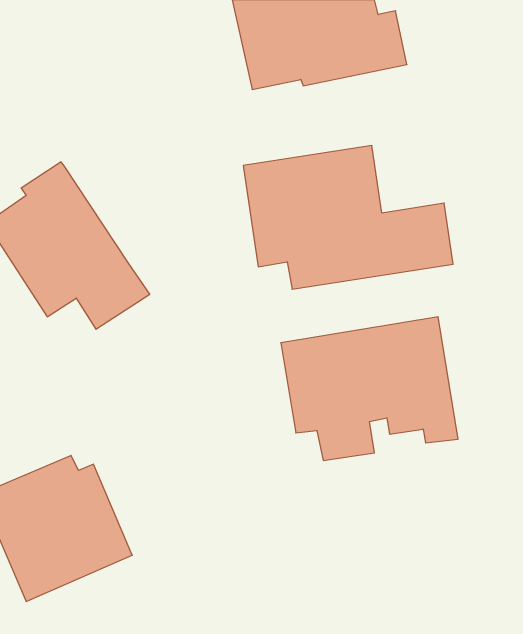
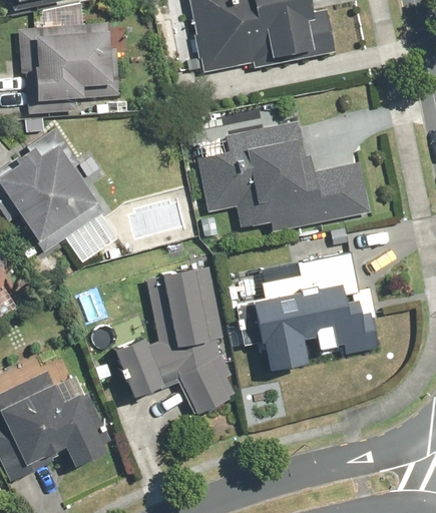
building: none -> [20,24,118,115]
building: none -> [112,269,235,413]

